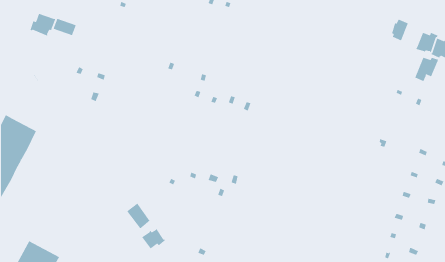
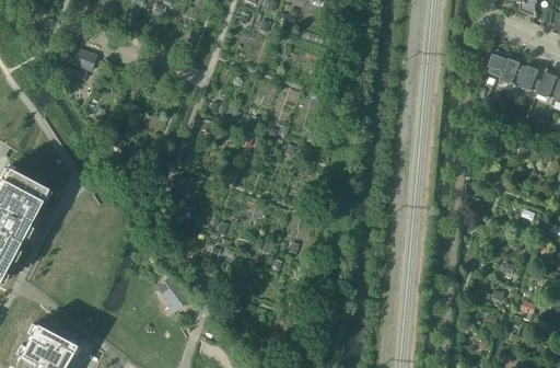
building: [30,13,56,37] -> none
building: [414,56,439,82] -> [498,57,528,90]
building: [141,227,166,249] -> none

